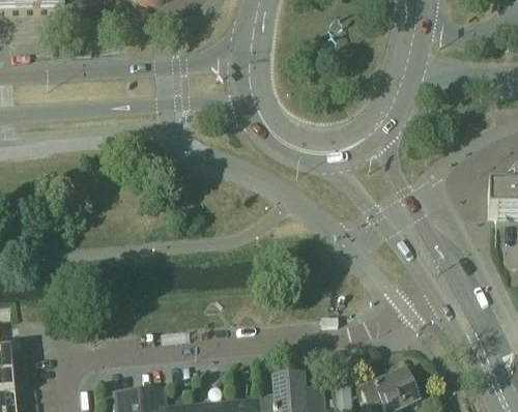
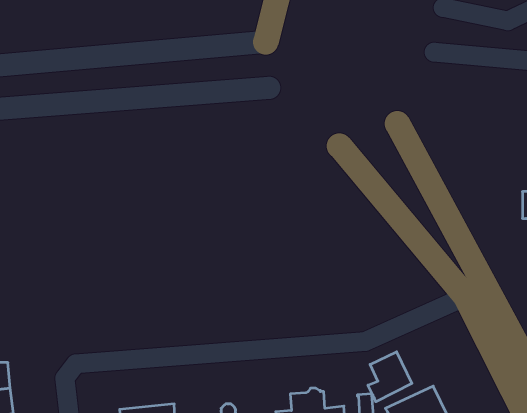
building: none -> [368,352,412,402]

